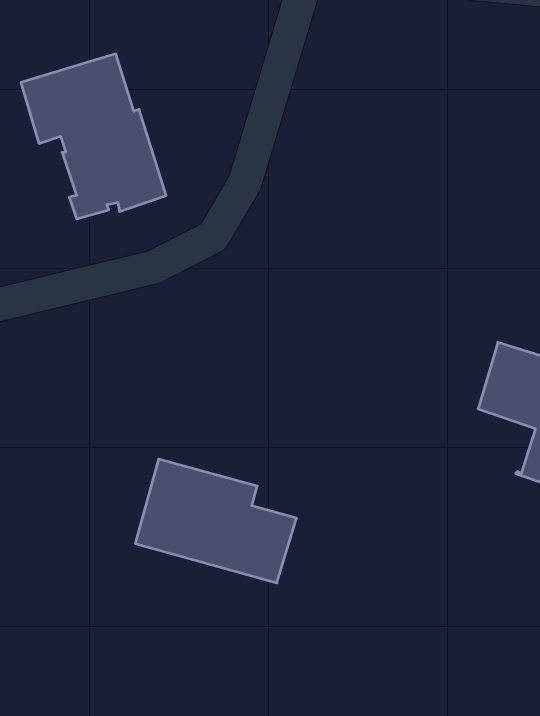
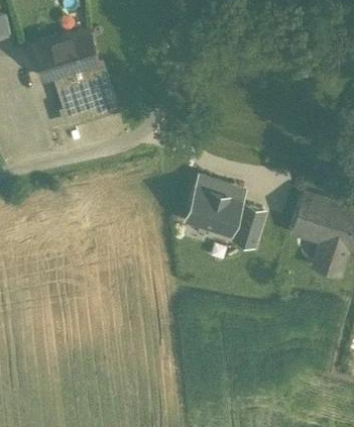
building: [135,459,297,583] -> [178,176,268,245]

